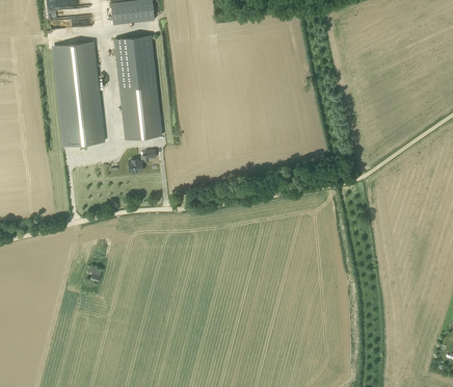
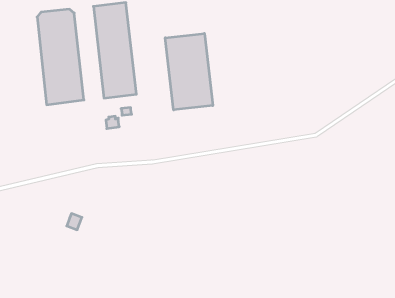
building: none -> [165,33,213,110]

